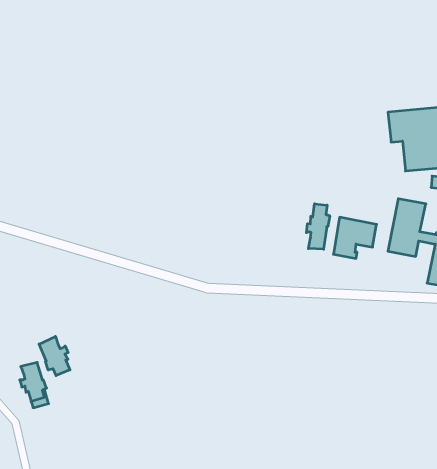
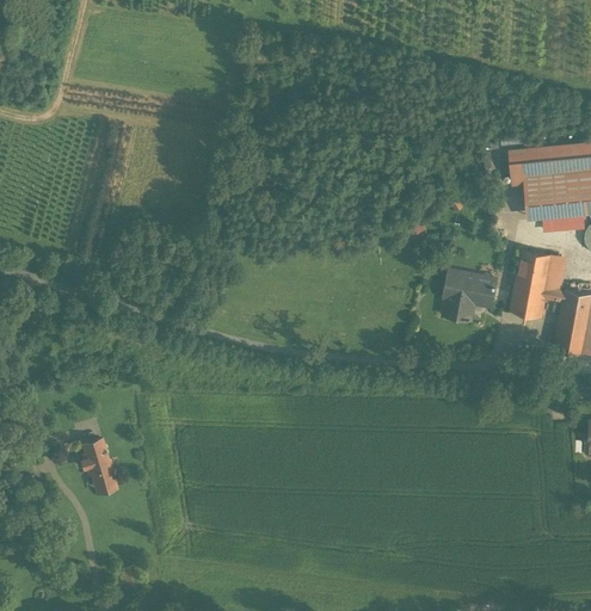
building: [306,204,330,249] -> none
building: [39,336,70,376] -> none

